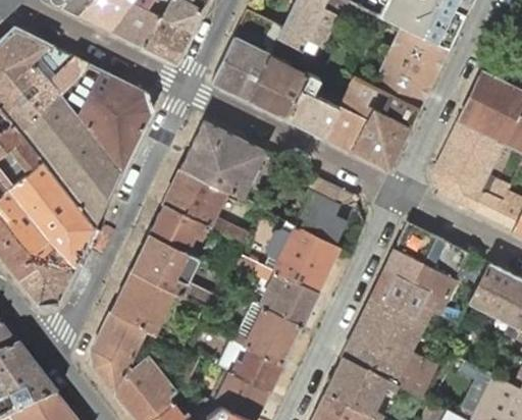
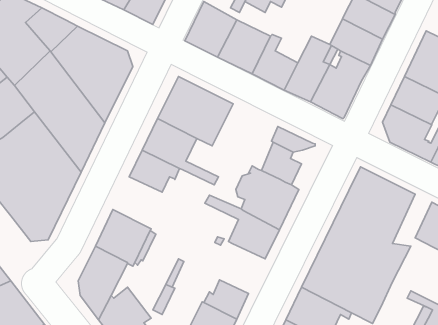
building: [130,233,217,305] -> none
building: [237,308,301,364] -> none

